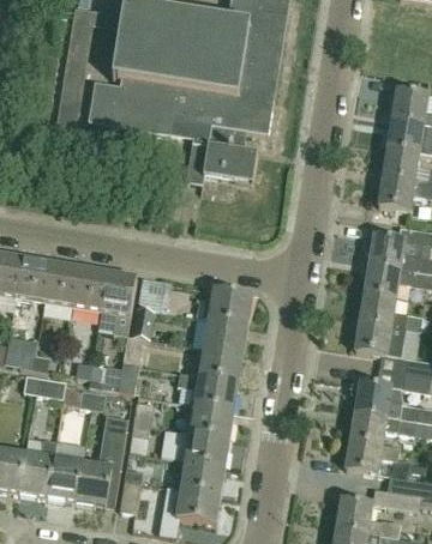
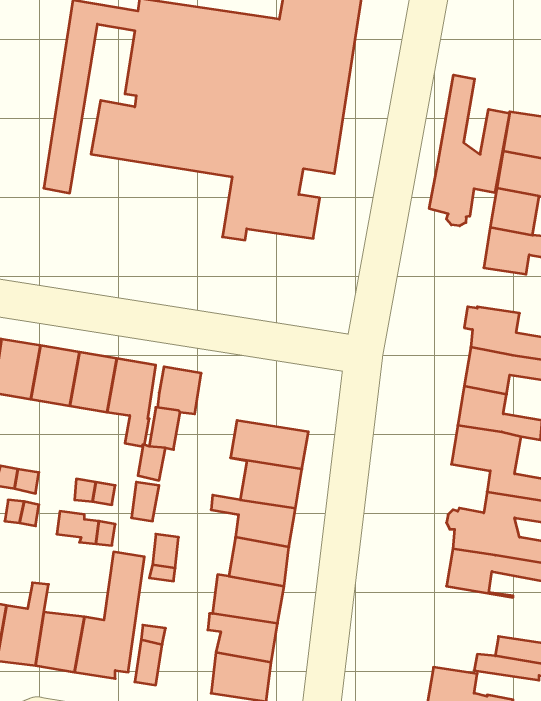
building: none -> [429,75,510,226]
building: [196,289,252,326] -> none
building: [346,440,400,475] -> none

